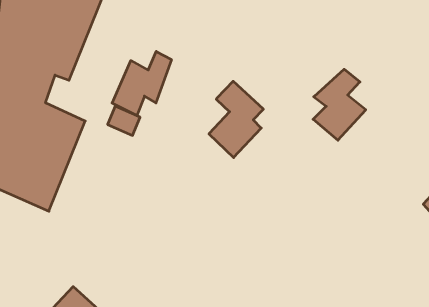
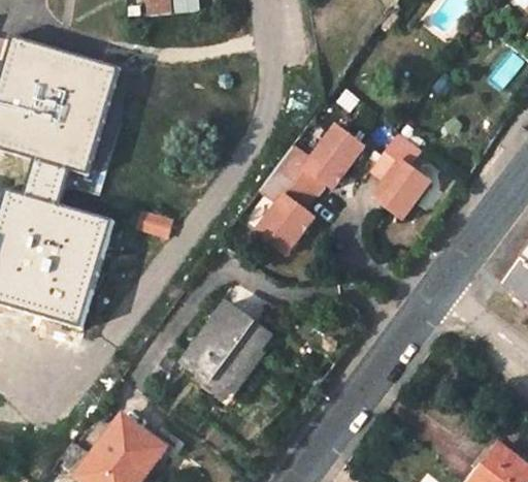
building: none -> [275,121,363,192]
building: [112,51,171,116] -> none
building: none -> [180,299,267,390]

